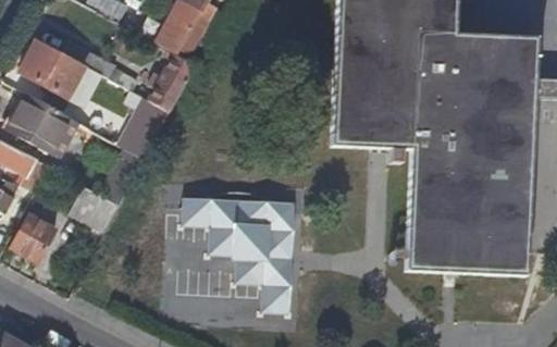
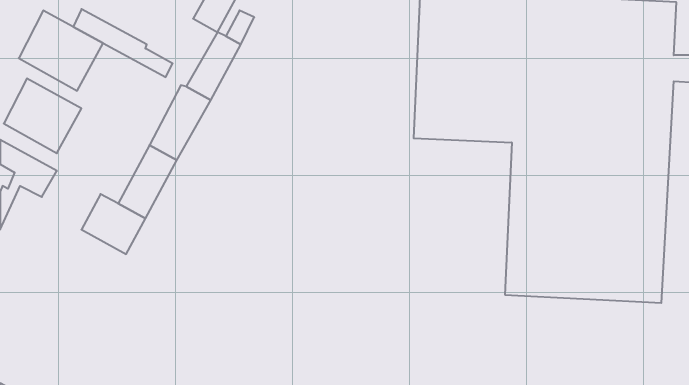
building: [174,197,289,314] -> none
building: [11,218,57,267] -> none

